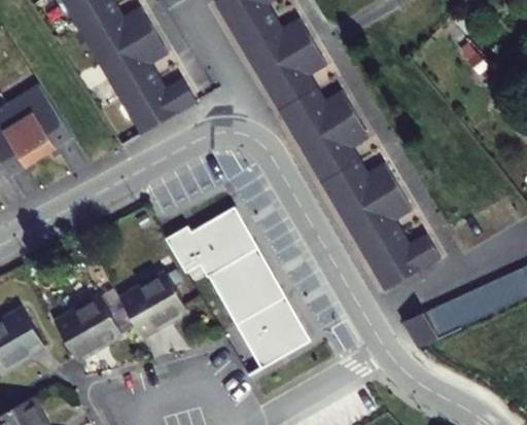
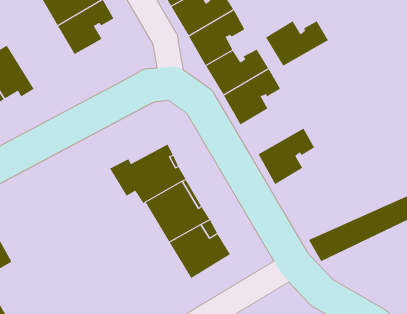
building: [119,76,197,133] -> none
building: [320,162,397,217] -> [265,21,329,66]
building: [362,233,440,289] -> none
building: [119,274,187,338] -> none
building: [55,298,121,360] -> none

